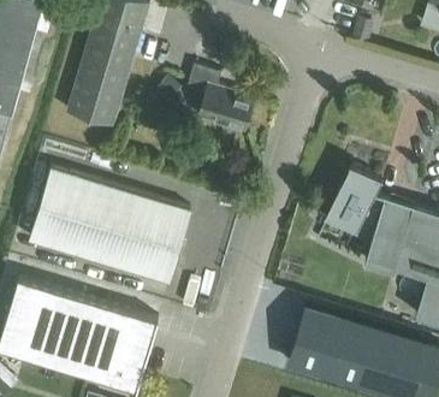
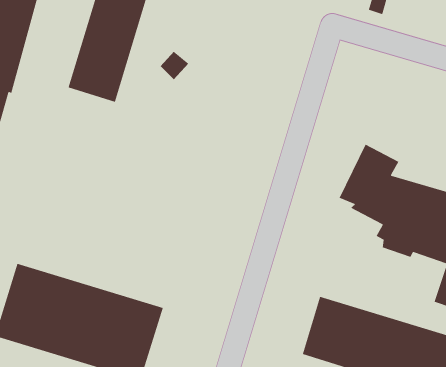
building: [186,66,254,132] -> none
building: [29,170,190,283] -> none

